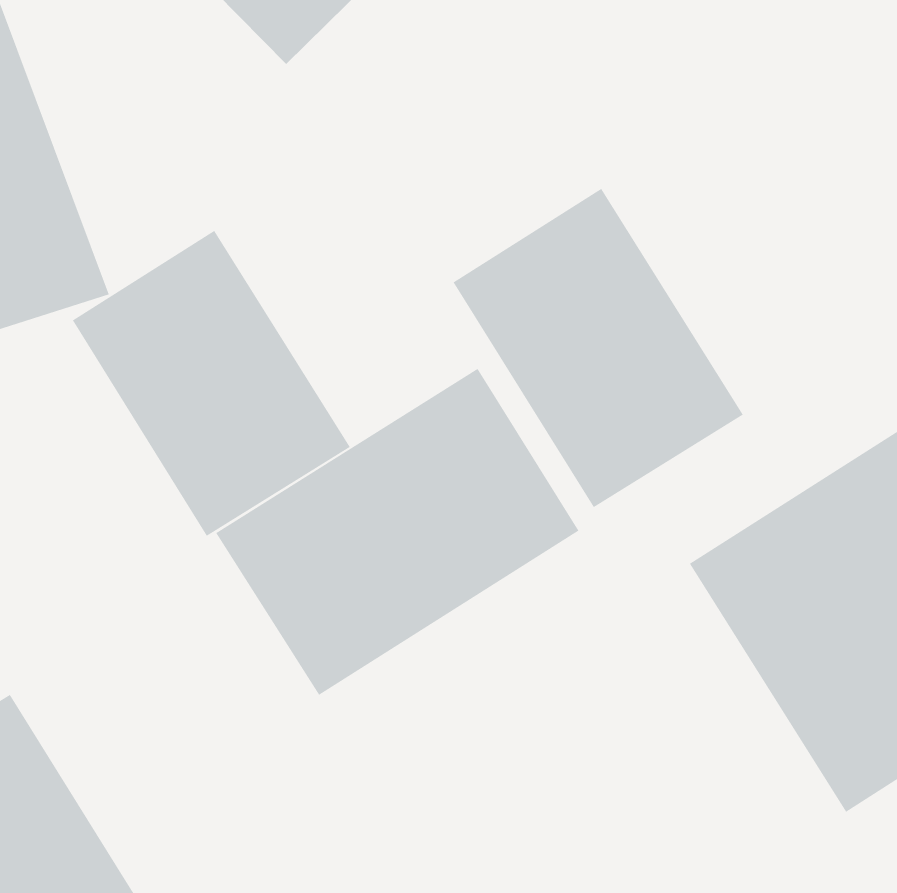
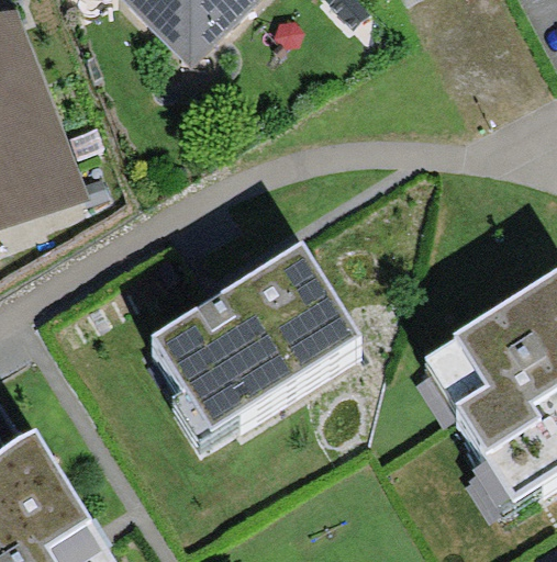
building: [453,188,744,508] -> none
building: [72,230,351,537] -> none

